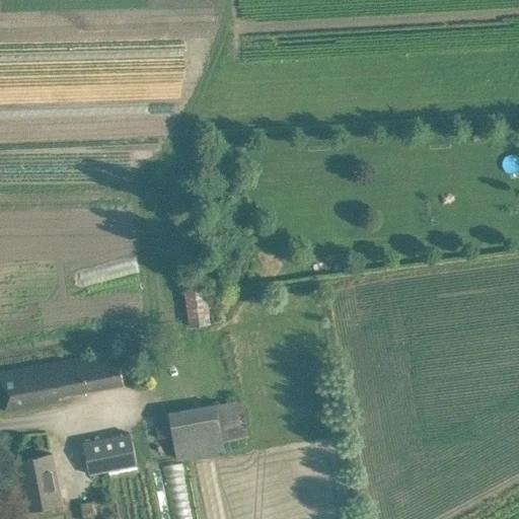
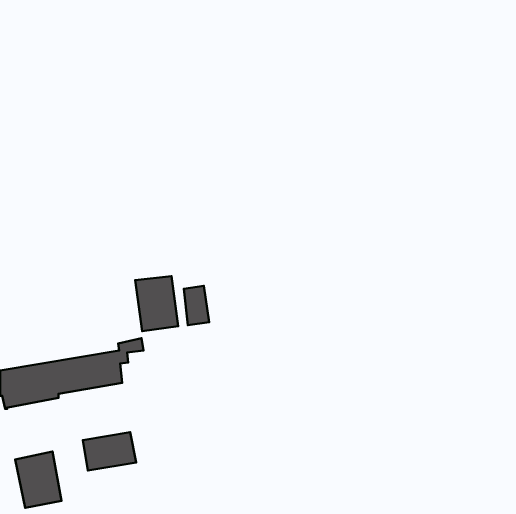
building: none -> [135,276,178,331]
building: [153,401,248,461] -> none

